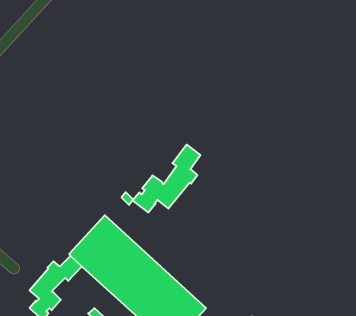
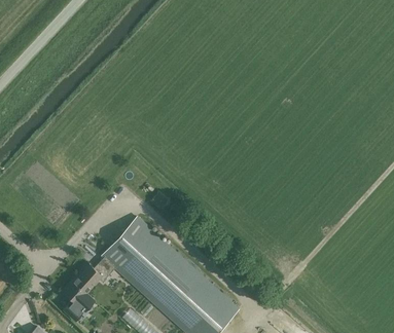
building: [133,145,200,212] -> none

